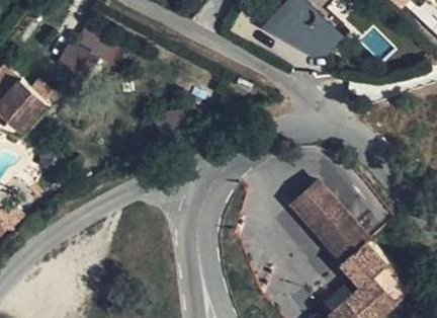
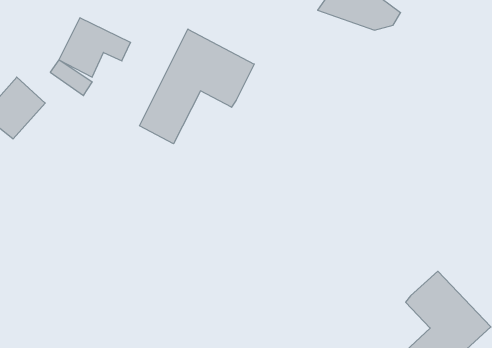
building: none -> [140,29,254,144]
building: [292,185,365,259] -> none

